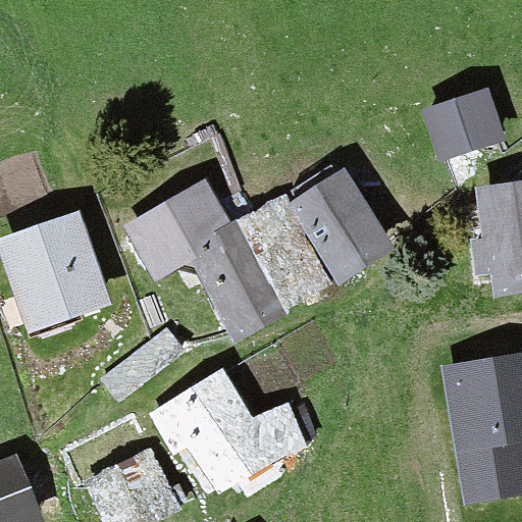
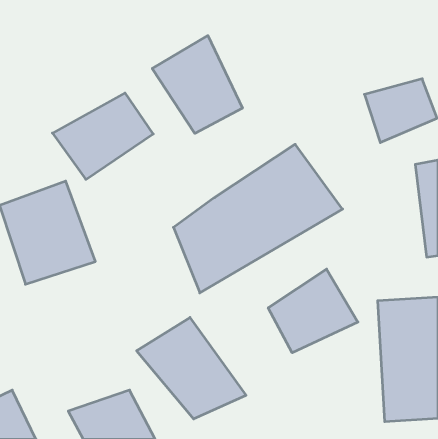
building: none -> [152,36,242,133]
building: [122,182,240,283] -> [52,93,153,179]
building: none -> [268,269,358,353]

